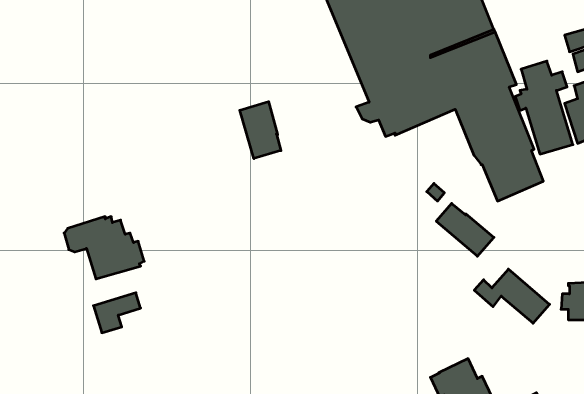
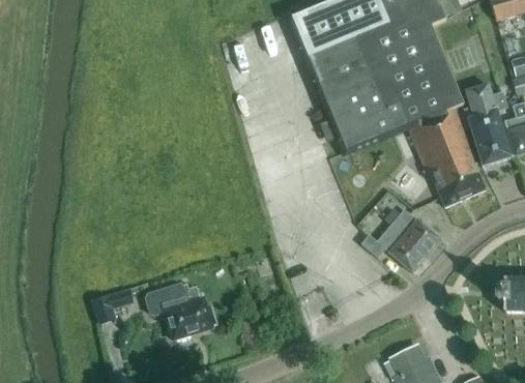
building: [240,102,281,159] -> none
building: [64,217,144,279] -> [146,283,216,337]
building: [474,269,550,323] -> [361,224,428,271]

